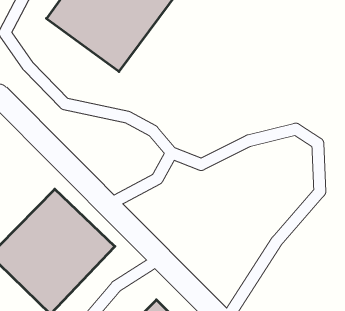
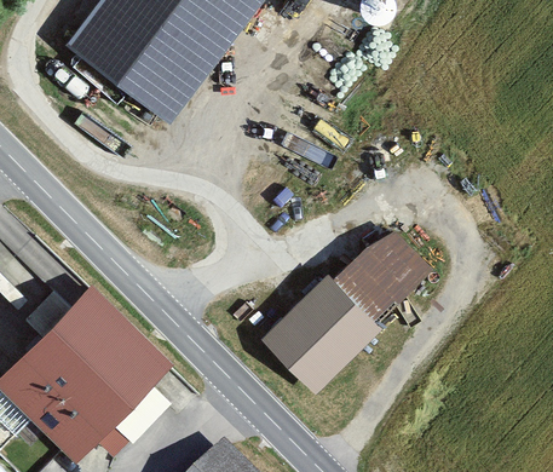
building: none -> [261,217,437,391]

